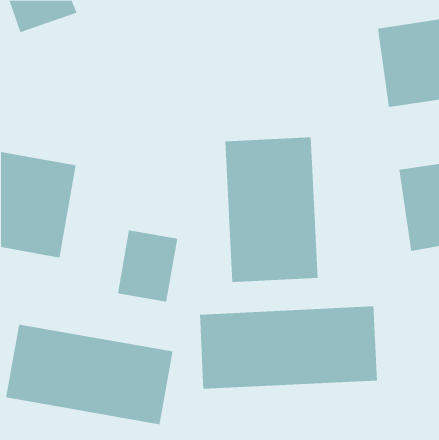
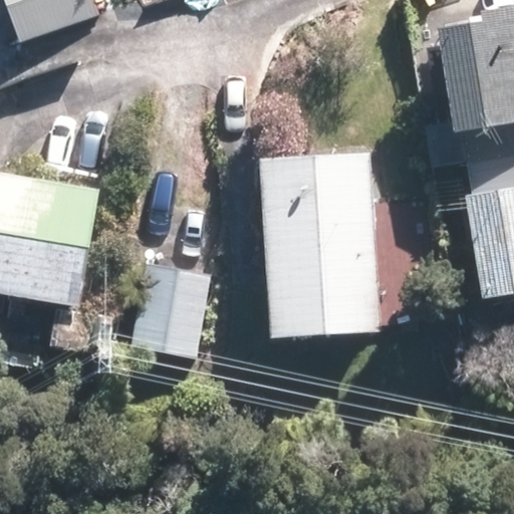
building: [199,306,377,390] -> none
building: [6,324,173,425] -> none

